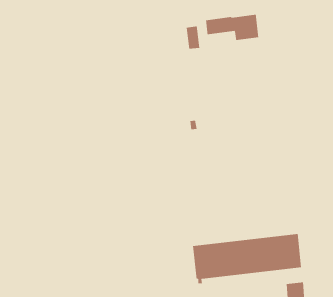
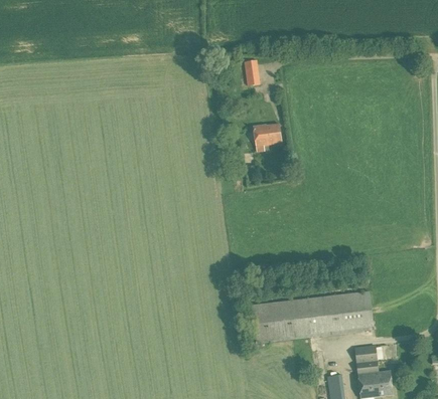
building: [205,14,259,41] -> none
building: none -> [254,123,281,150]

